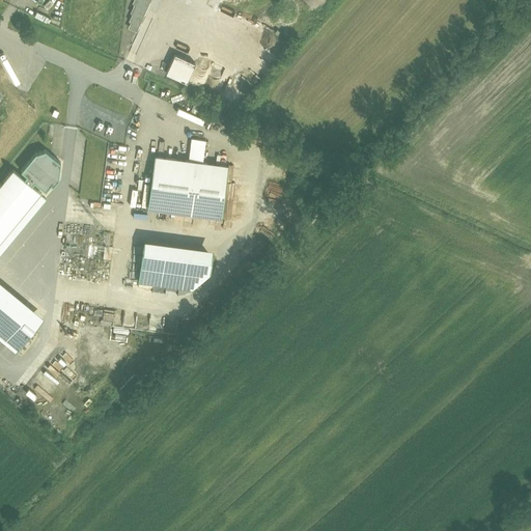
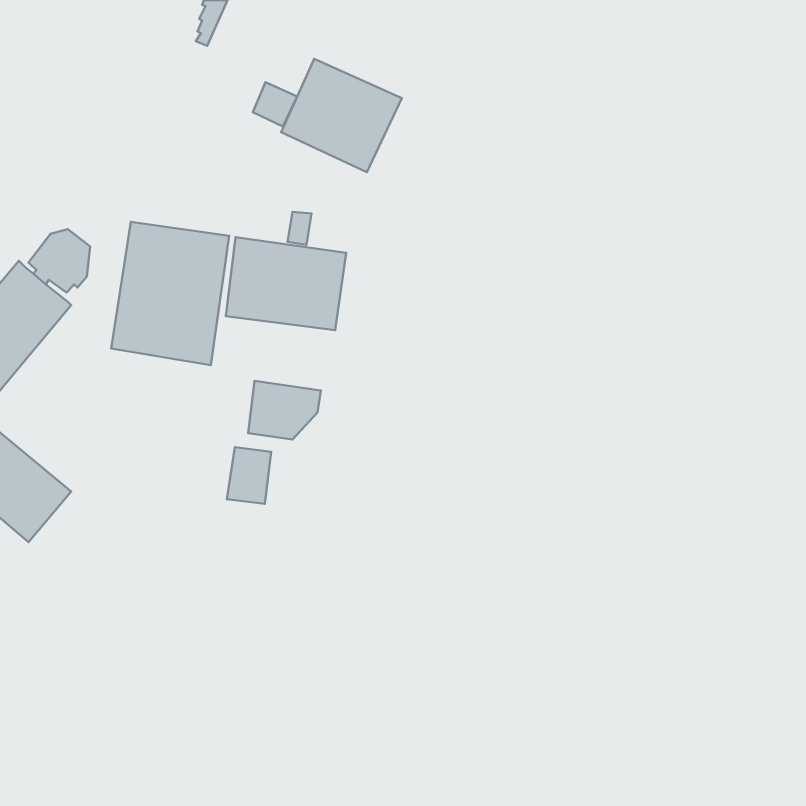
building: none -> [281,59,402,172]
building: none -> [111,222,229,365]
building: [138,248,167,285] -> [227,447,271,504]

